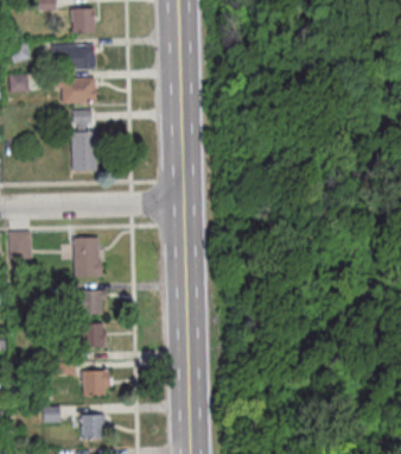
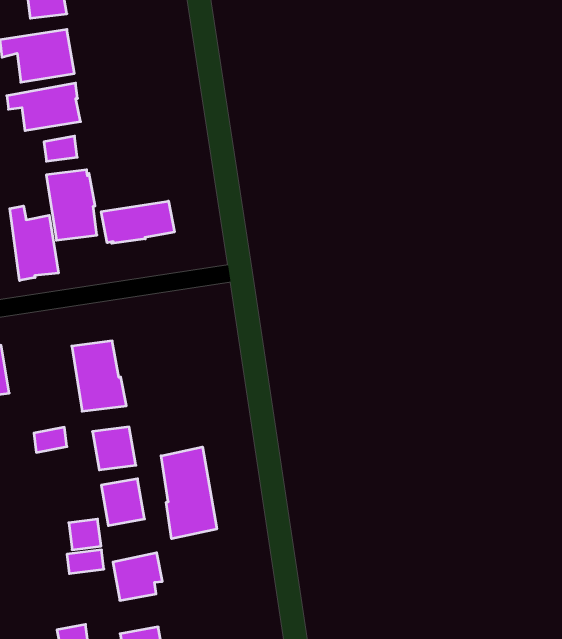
building: none -> [10,206,58,281]
building: none -> [101,201,174,243]
building: none -> [161,447,217,539]

